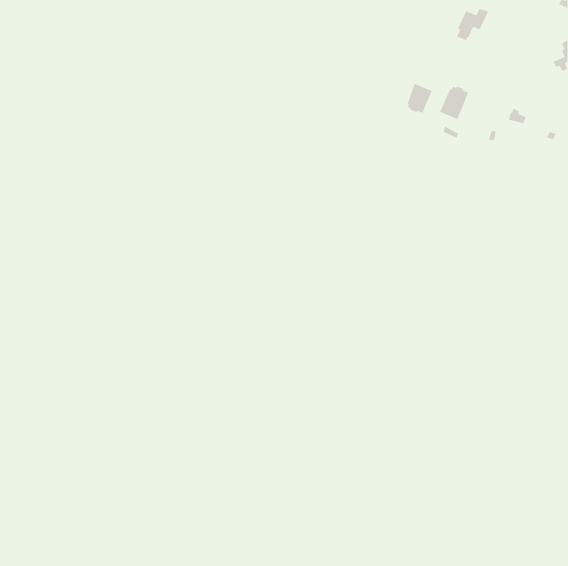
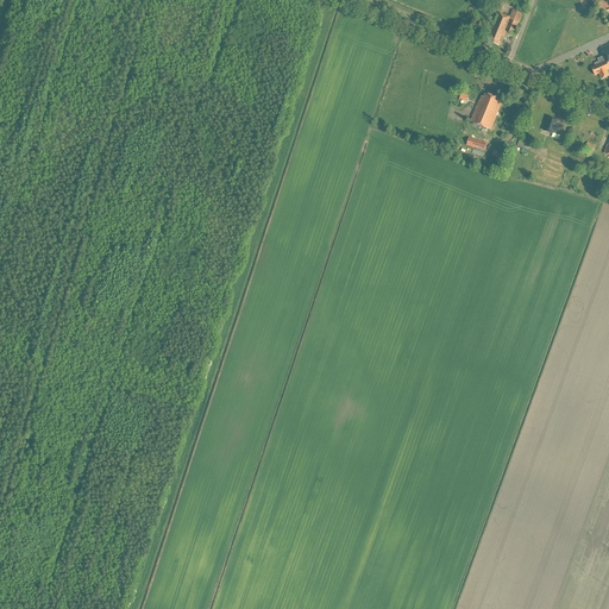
building: [406,83,433,114] -> none

